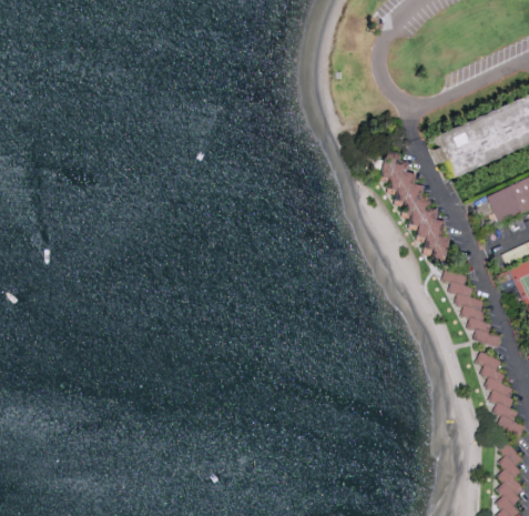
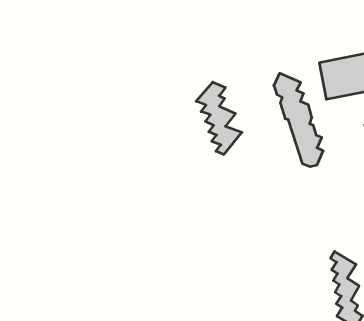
building: none -> [196,82,242,155]
building: [442,270,501,347] -> none

